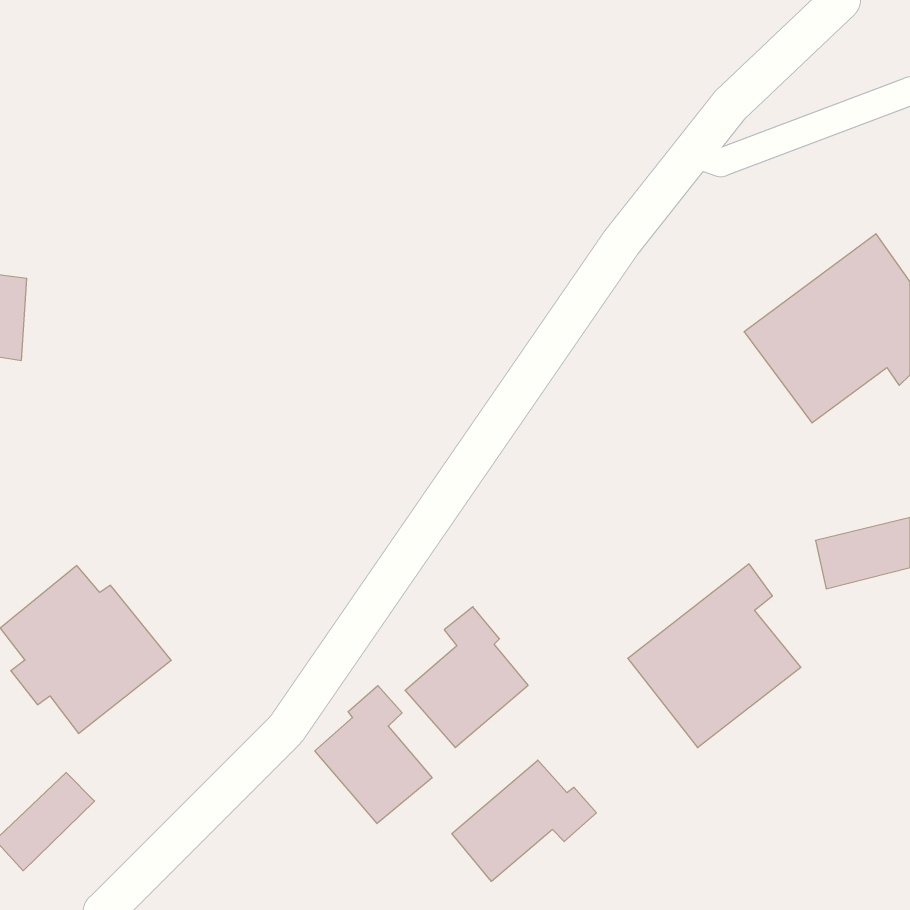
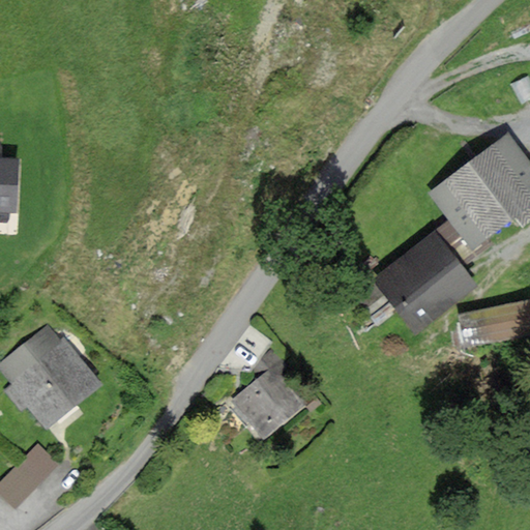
building: [628,564,801,748] -> [375,224,475,330]
building: [315,686,432,824] -> none
building: [452,760,596,881] -> none

